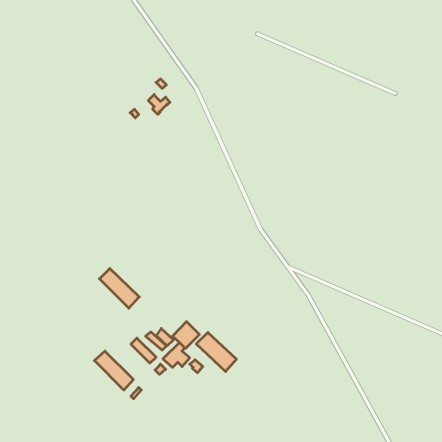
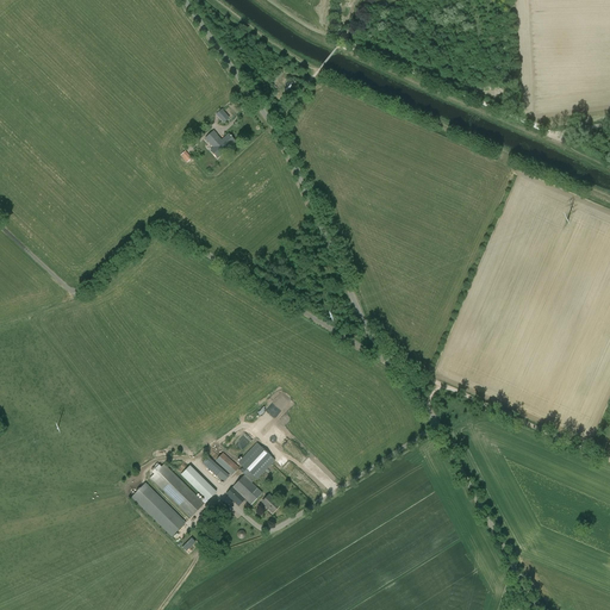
building: [99,268,139,308] -> [149,462,204,517]
building: [196,332,236,372] -> none

